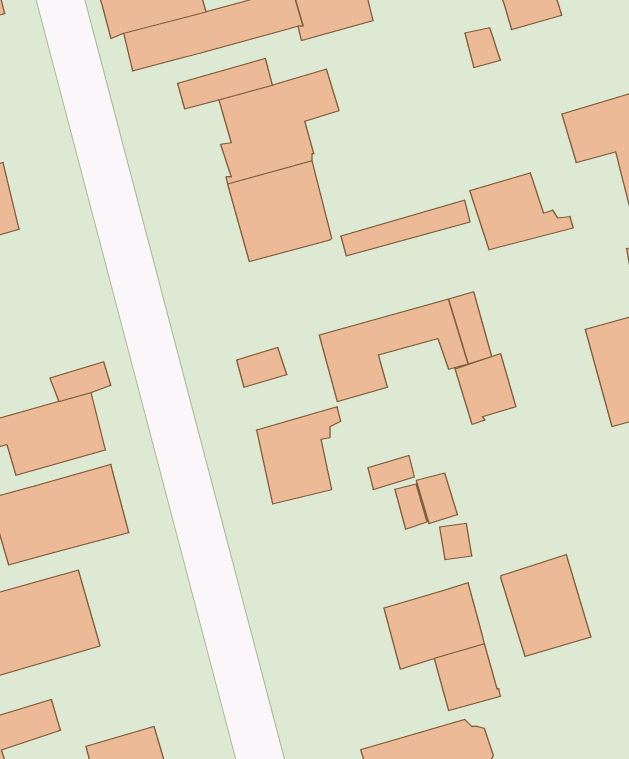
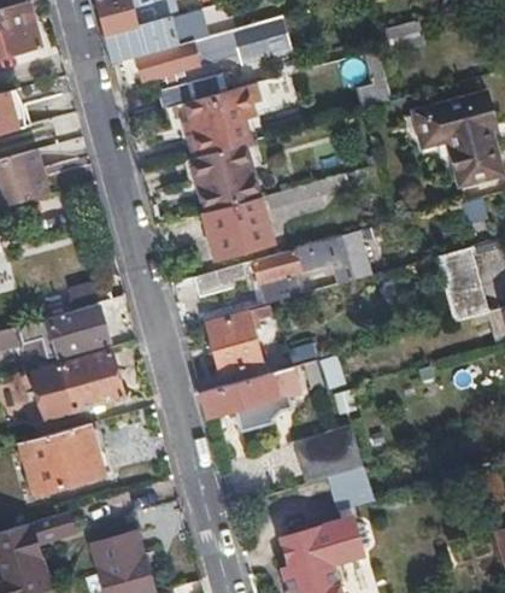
building: [470,173,573,250] -> none
building: none -> [202,199,271,260]
building: [455,354,516,424] -> none
building: none -> [200,369,300,434]
building: [501,554,591,657] -> none

